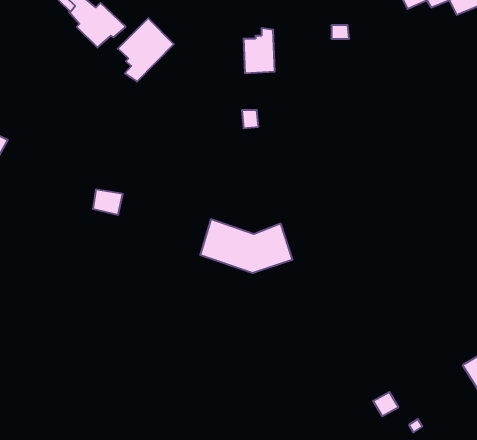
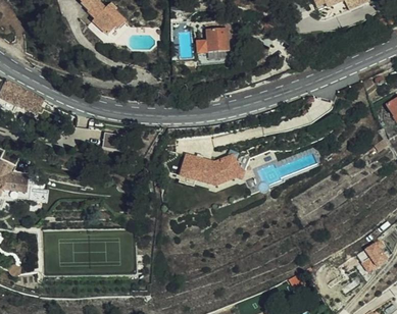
building: [118,18,174,82] -> none

